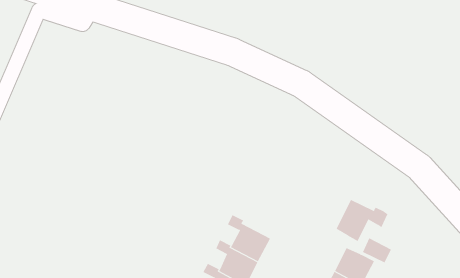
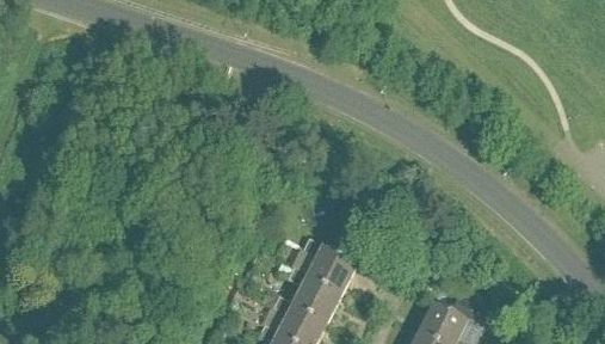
building: none -> [302,236,354,294]
building: [336,199,388,242] -> none

